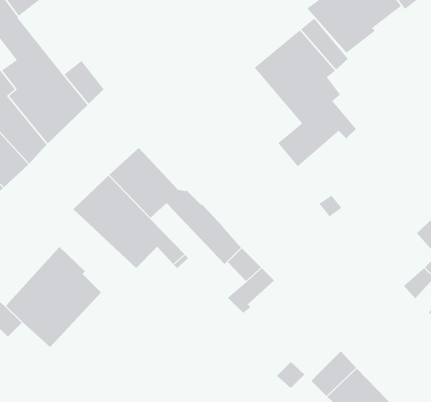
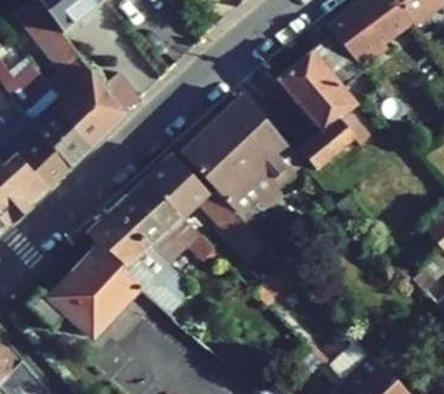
building: none -> [180,95,301,225]
building: none -> [85,209,194,315]

